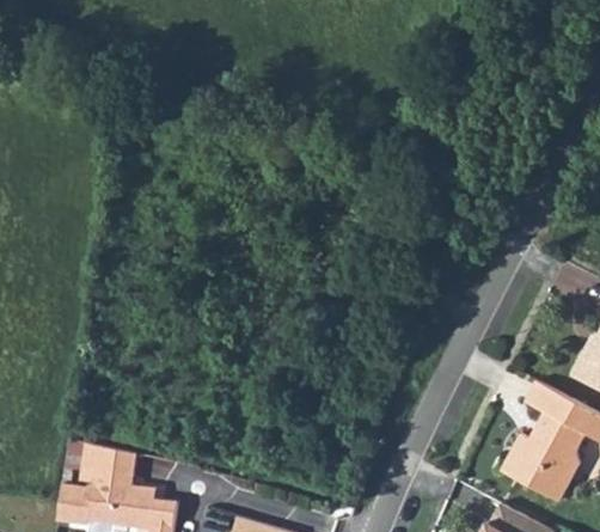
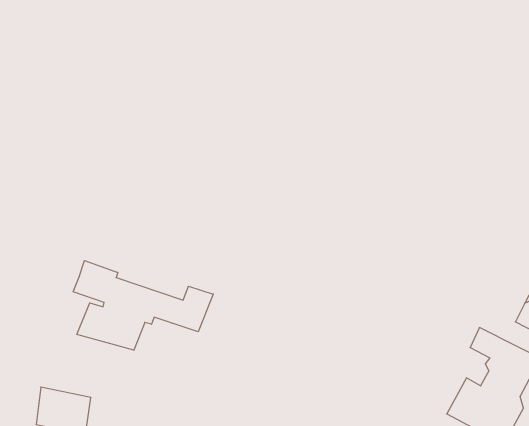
building: none -> [73,261,213,350]

